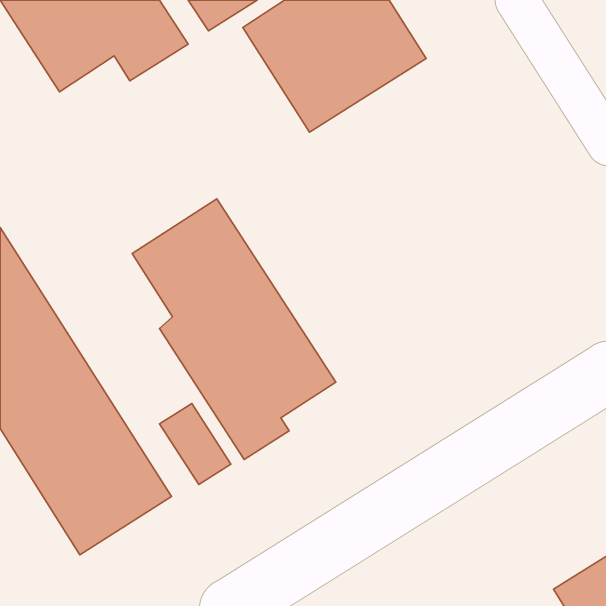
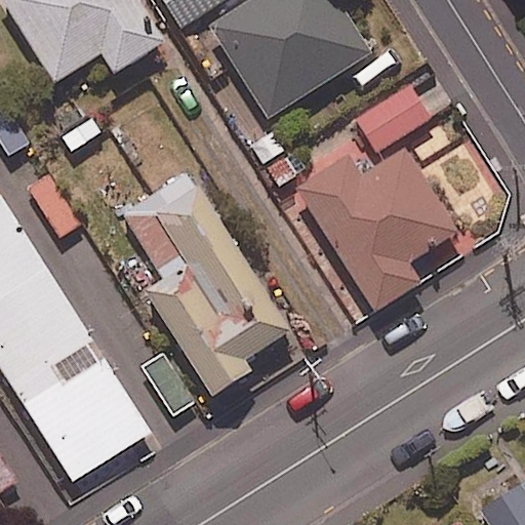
building: none -> [286,84,457,313]

